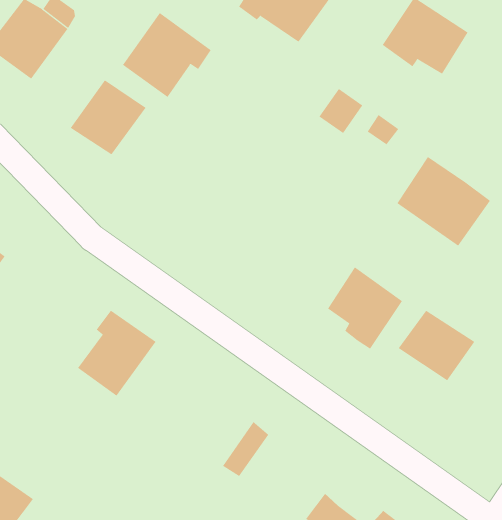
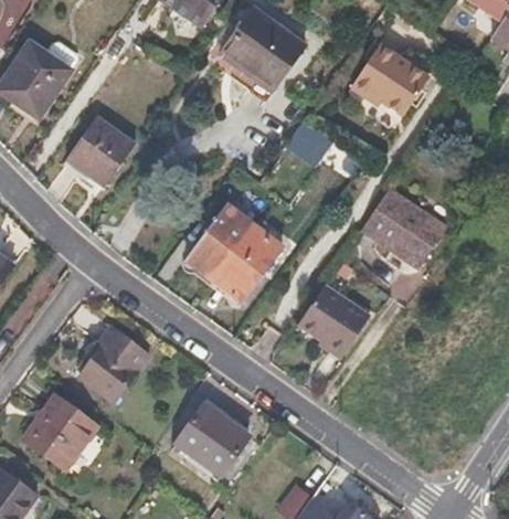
building: [122,12,212,98] -> none
building: none -> [187,209,284,305]
building: [398,310,475,381] -> none
building: none -> [22,394,96,468]
building: none -> [174,402,233,463]

